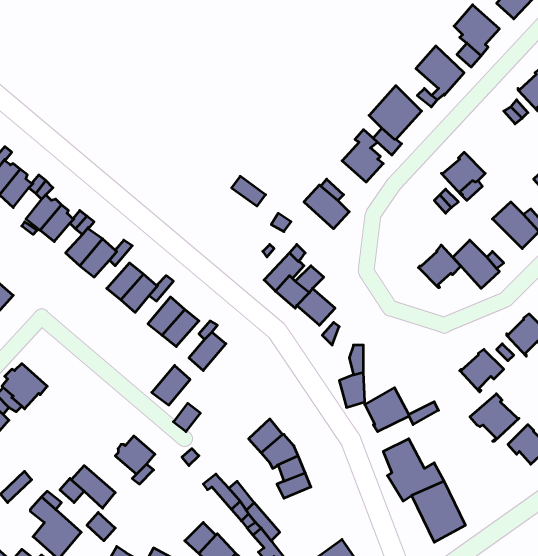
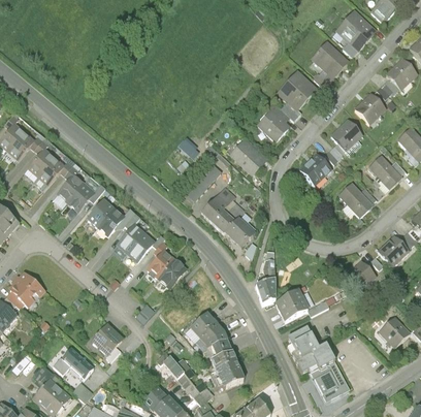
building: none -> [355,92,385,123]
building: [418,245,461,287] -> [299,153,330,184]
building: [152,365,190,405] -> [157,258,185,287]
building: [470,394,519,441] -> none
building: none -> [215,362,242,389]

